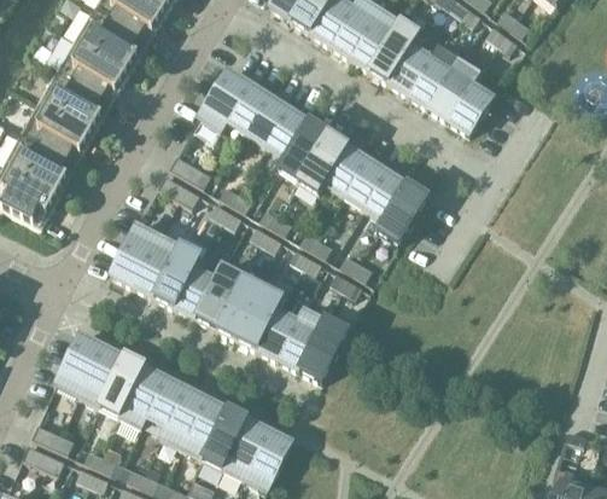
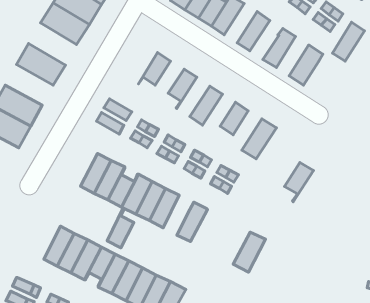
building: [349,7,398,66] -> none
building: [387,33,431,92] -> none
building: [54,36,127,100] -> none
building: [427,57,475,116] -> [332,22,364,61]
building: [198,68,249,128] -> none
building: [245,94,288,143] -> none
building: [19,99,92,161] -> none
building: [278,118,327,178] -> none
building: [316,144,366,192] -> none
building: [362,169,405,228] -> [285,162,313,202]
building: [110,221,158,283] -> none
building: [257,296,297,356] -> [107,208,134,248]
building: [298,318,346,378] -> [233,232,265,272]
building: [54,331,103,393] -> none

